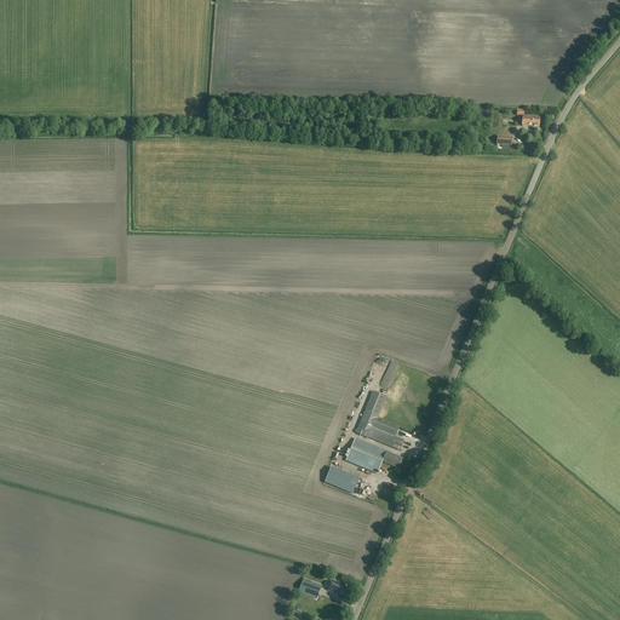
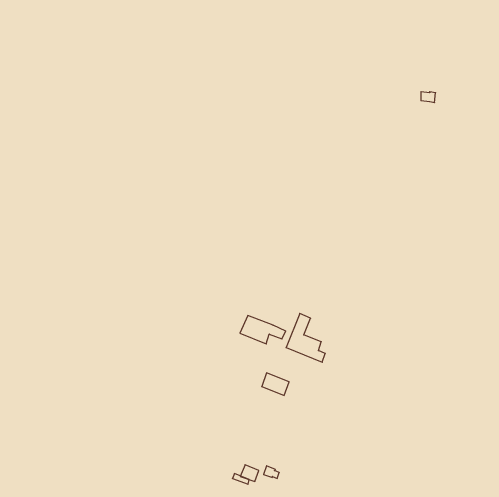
building: [345,437,402,472] -> [240,316,286,344]

